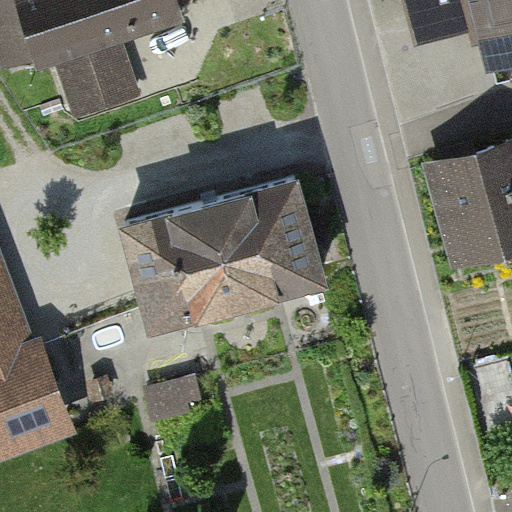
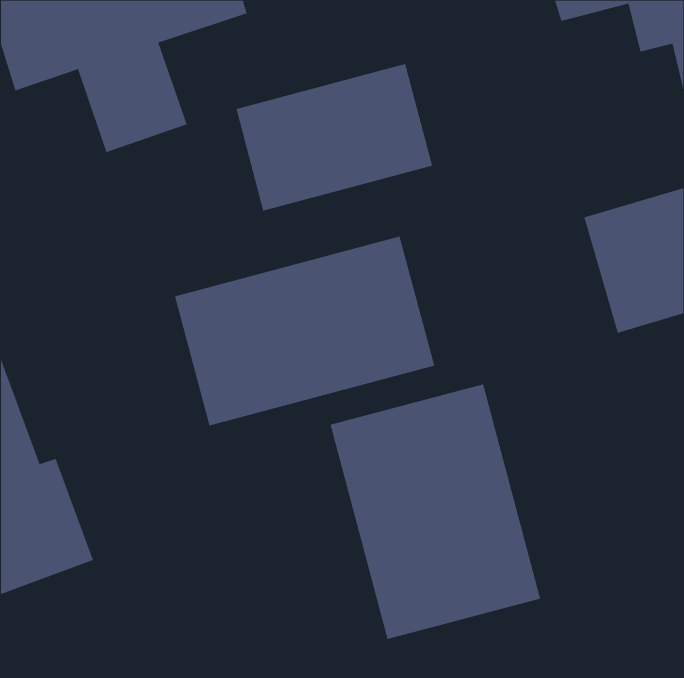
building: none -> [236,63,433,211]
building: none -> [330,383,541,640]

